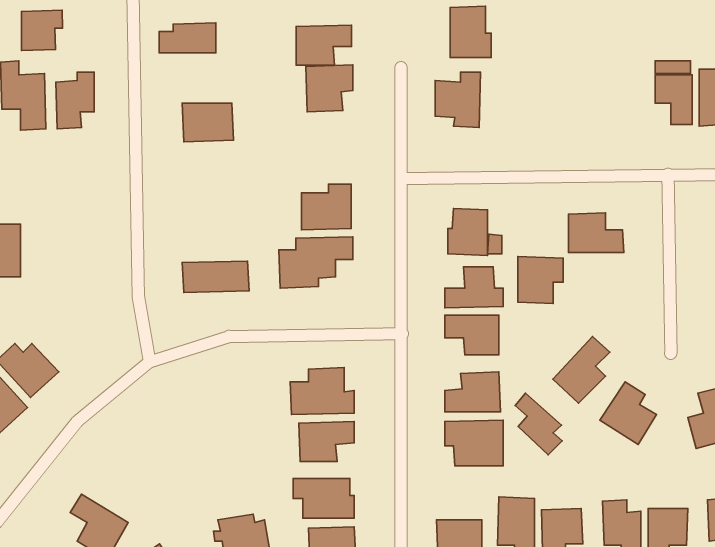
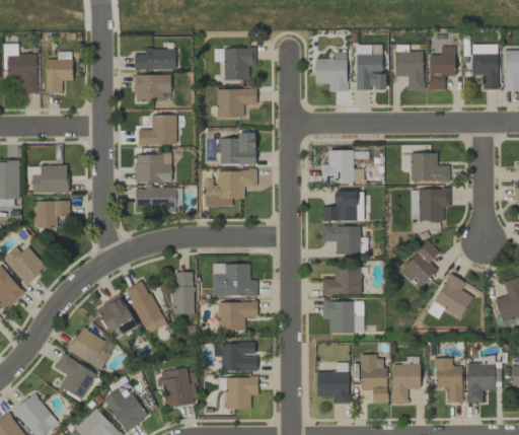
building: [450,6,491,57] -> [357,53,386,89]
building: [21,10,63,50] -> none
building: [159,23,216,53] -> [135,48,175,69]
building: [296,25,352,65] -> [217,88,256,117]
building: none -> [429,46,455,89]
building: none -> [394,51,424,90]
building: none -> [138,115,176,144]
building: none -> [135,153,171,182]
building: none -> [27,165,68,193]
building: [518,257,563,304] -> [419,188,451,221]
building: none -> [35,200,70,227]
building: none -> [172,272,194,312]
building: none -> [125,280,166,334]
building: [515,393,562,455] -> none
building: none -> [96,294,138,339]
building: none -> [68,327,115,369]

